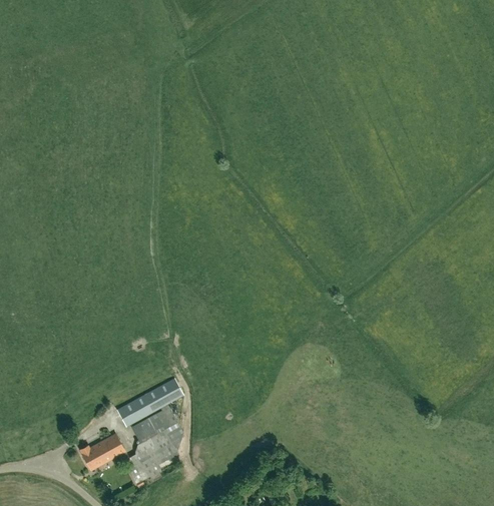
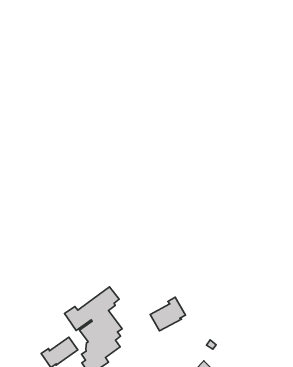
building: none -> [150,297,185,331]

